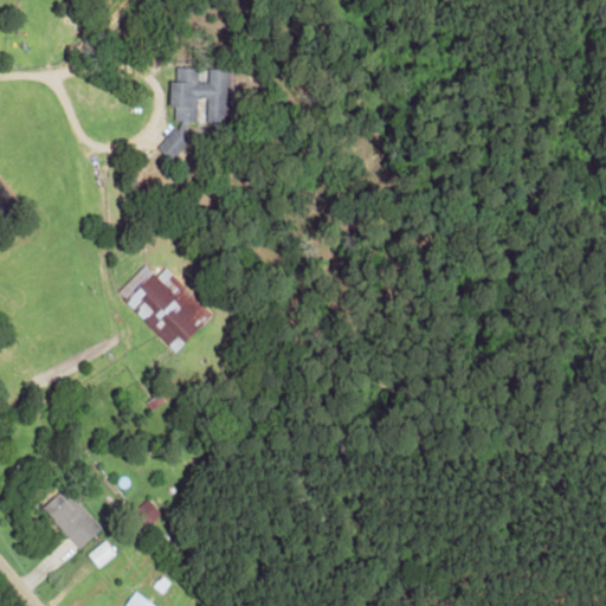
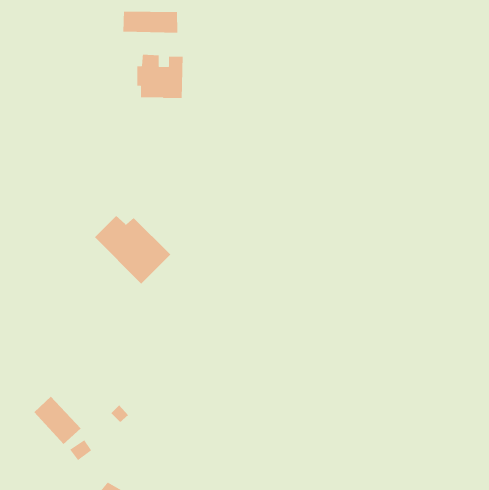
building: none -> [123,11,178,33]
building: [159,129,191,161] -> none

